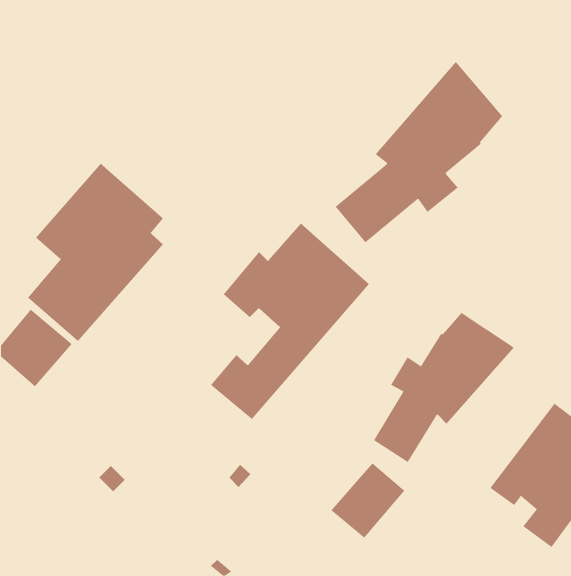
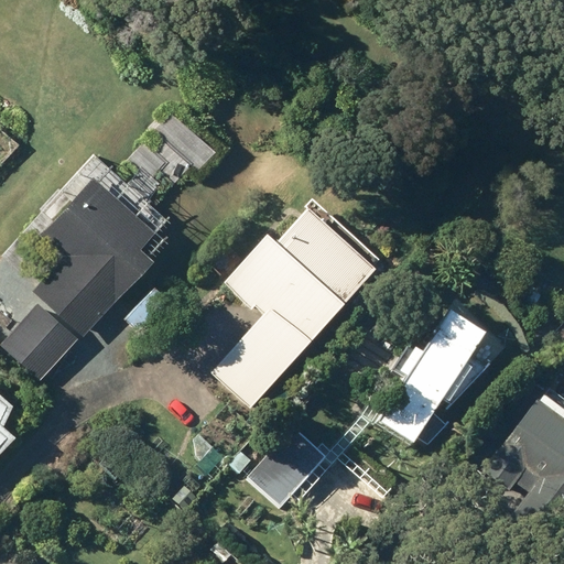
building: [335,61,503,243] -> none
building: [330,463,405,538] -> [249,433,322,507]

